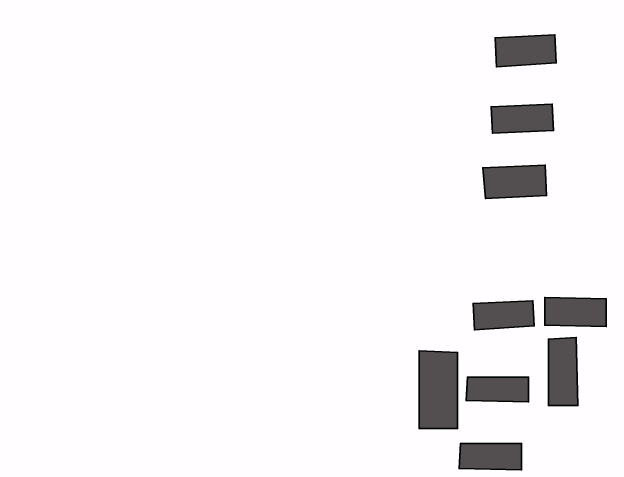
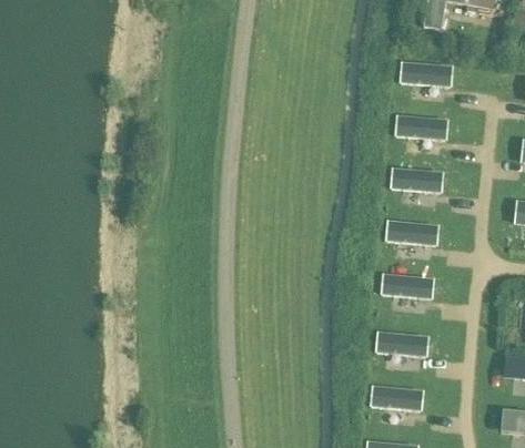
building: [545,297,606,326] -> [387,220,436,243]
building: [548,338,578,406] -> none
building: [419,351,458,429] -> none

